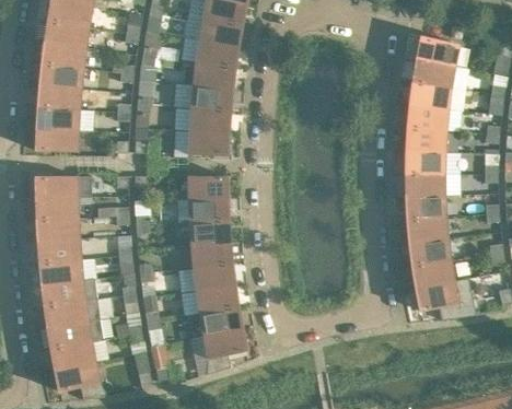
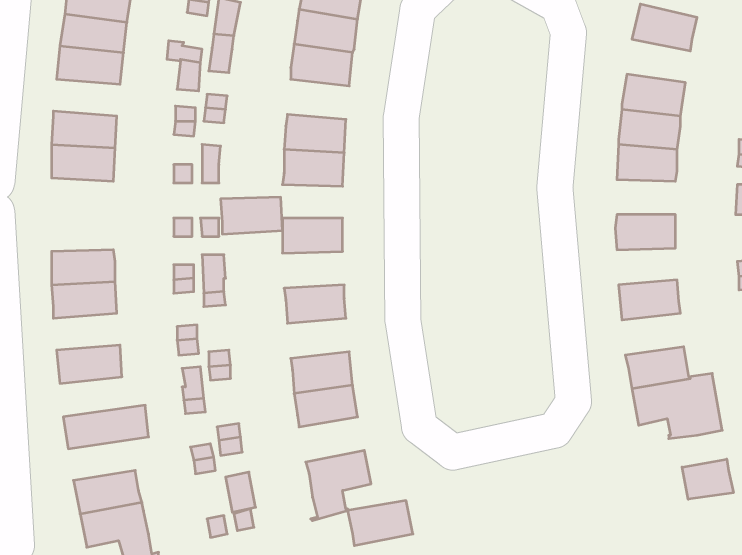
building: [411,58,453,86] -> none
building: [36,84,80,108] -> none
building: [189,84,230,110] -> none
building: [405,150,443,173] -> none
building: [34,175,75,197] -> none
building: [405,195,444,219] -> none
building: [186,197,226,221] -> [221,197,282,234]
building: [36,237,80,261] -> none
building: [408,237,449,265] -> none
building: [189,241,230,267] -> none
building: [40,278,96,305] -> none
building: [197,305,240,335] -> [348,501,413,546]
building: [46,318,103,347] -> none
building: none -> [682,459,733,499]

